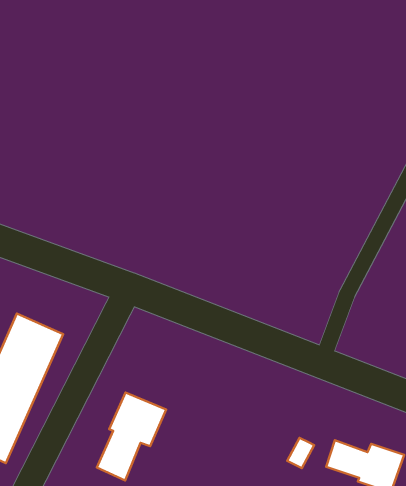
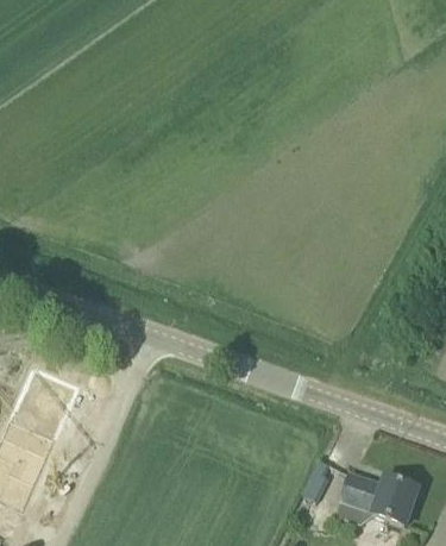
building: [97,392,166,480] -> none

